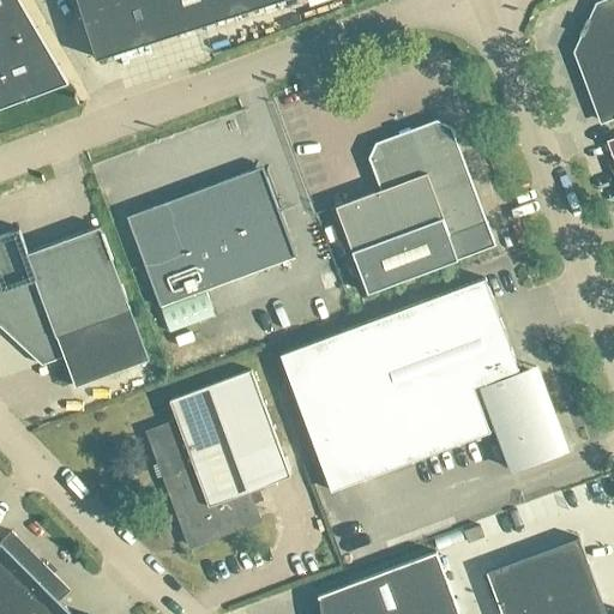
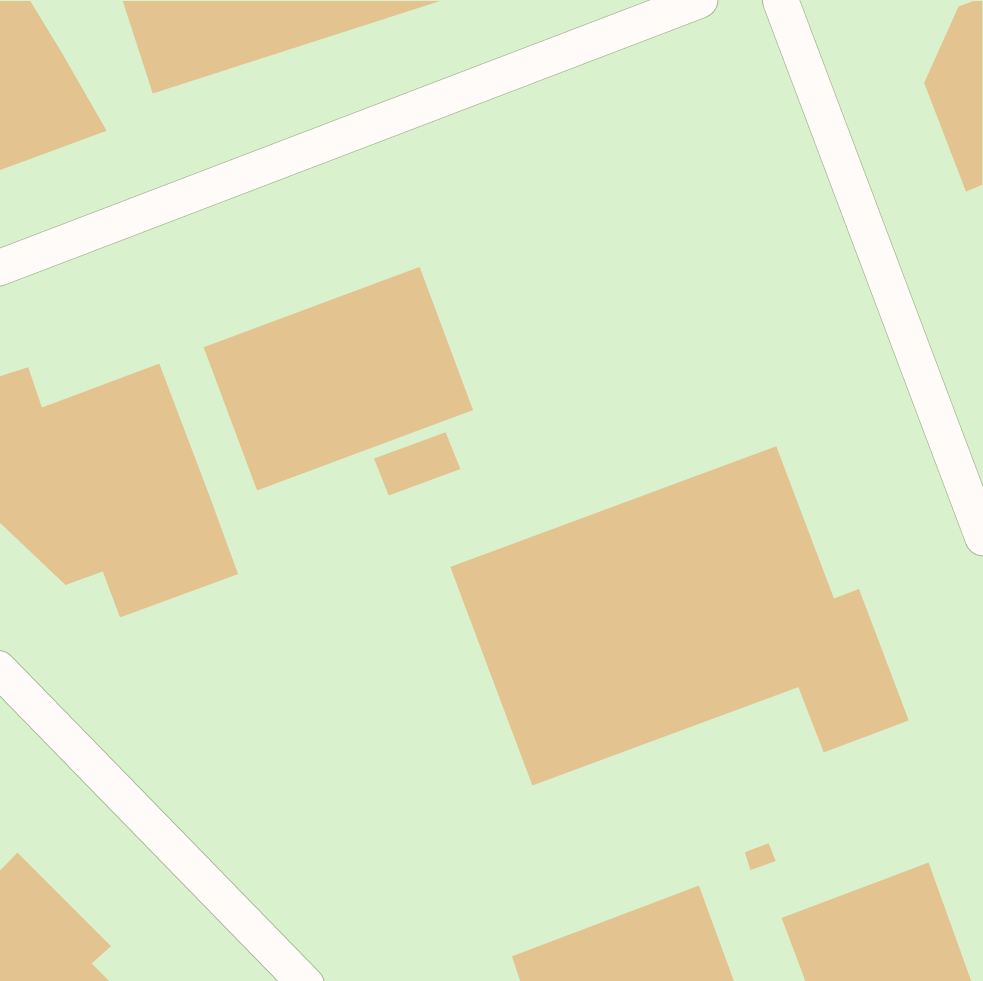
building: [335,121,495,294] -> none
building: [159,293,215,333] -> [373,431,461,497]
building: [146,372,289,547] -> none

